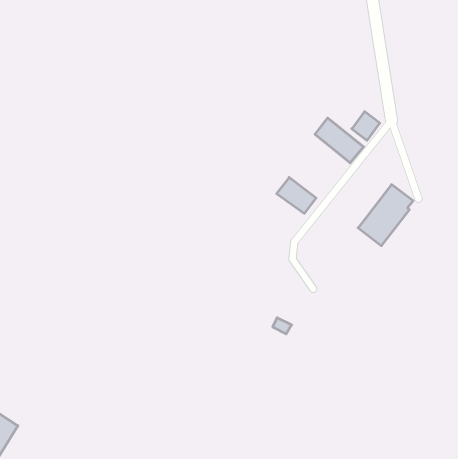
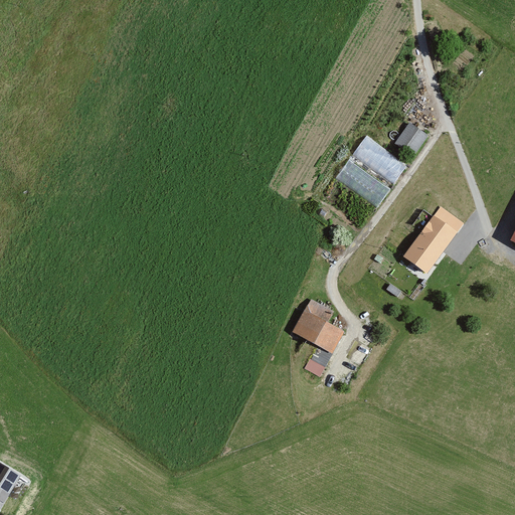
building: [277,177,316,213] -> [345,164,389,204]
building: none -> [291,300,343,355]

